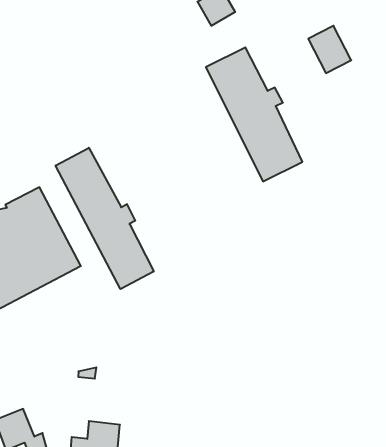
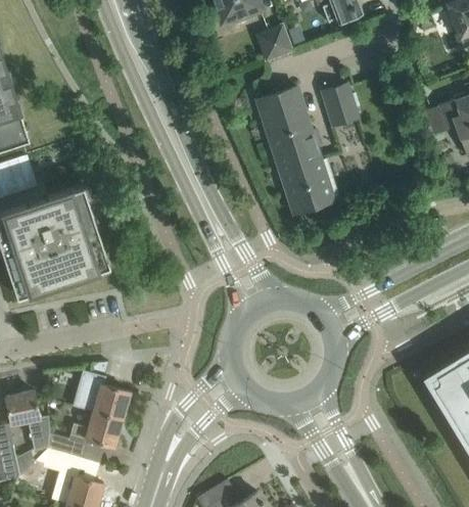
building: [308,26,351,73] -> [322,85,359,128]
building: [56,148,154,289] -> none
building: none -> [74,373,130,421]

